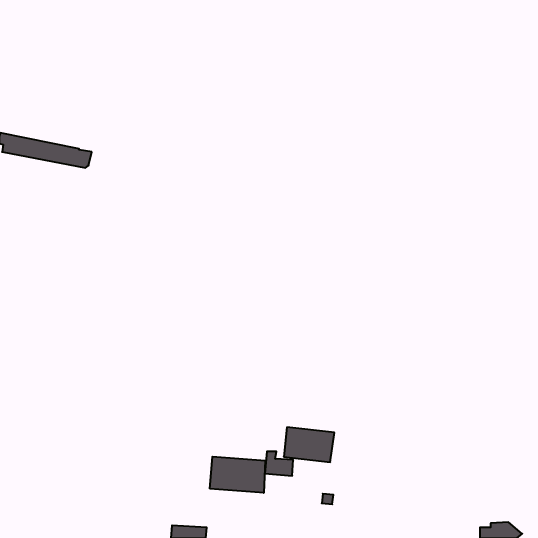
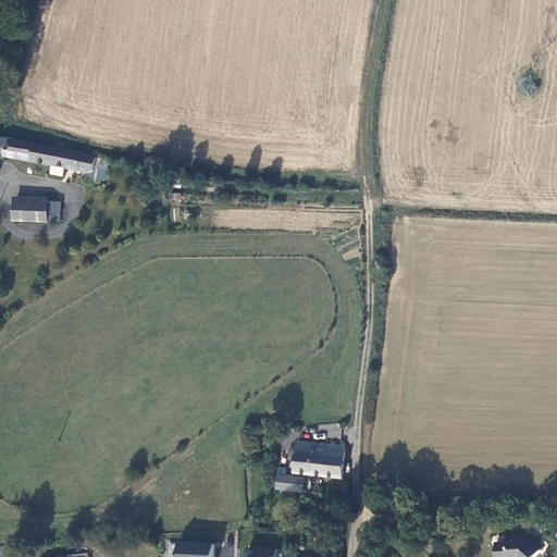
building: none -> [12,201,59,222]
building: [210,457,265,493] -> none

